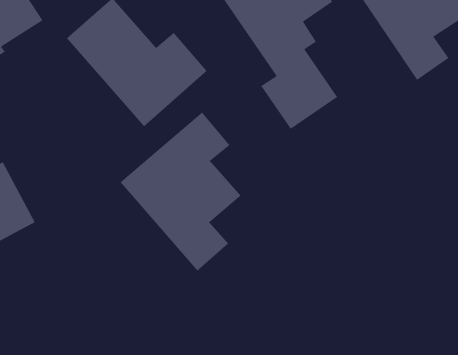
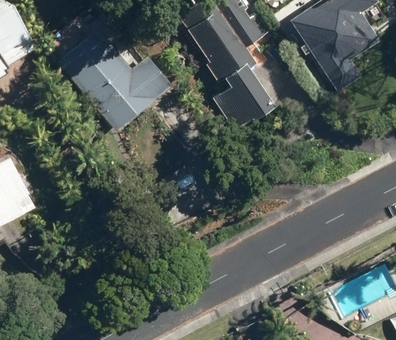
building: [119,112,242,271] -> none

